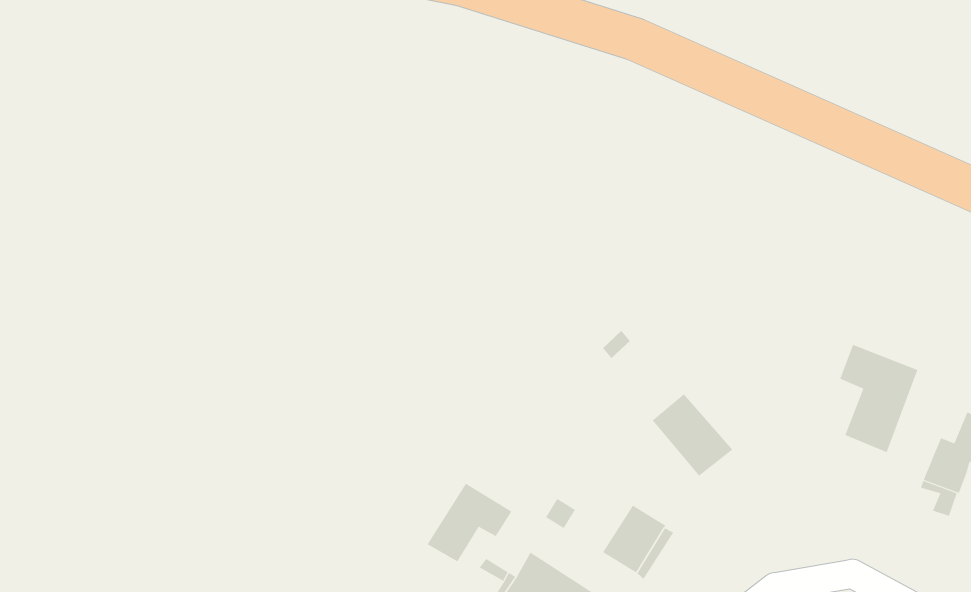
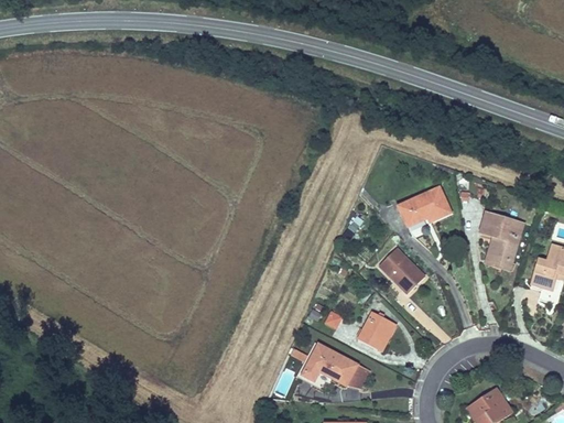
building: none -> [399,187,449,225]
building: [427,483,512,562] -> none

